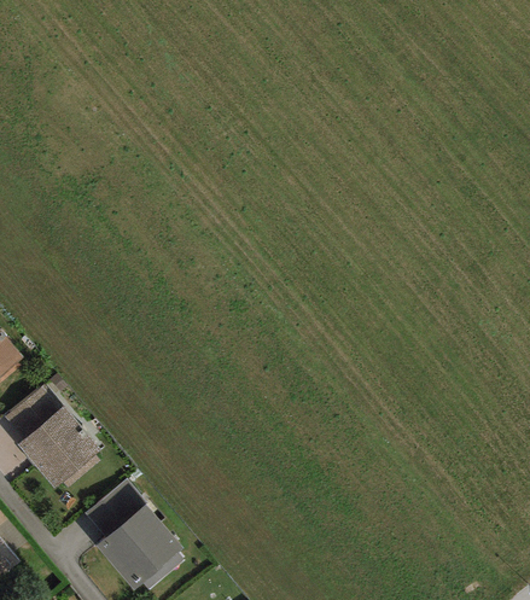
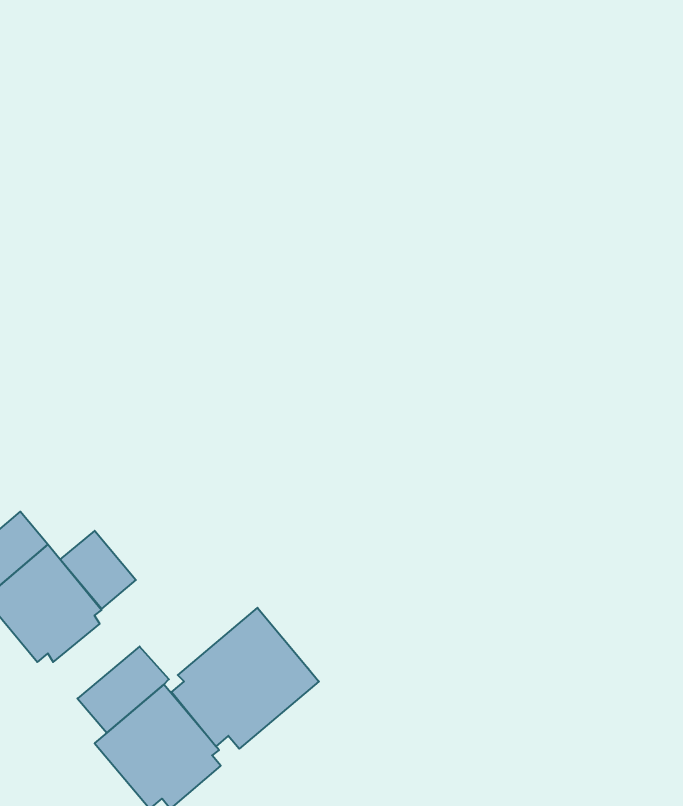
building: none -> [60,531,136,609]
building: none -> [171,608,319,749]

